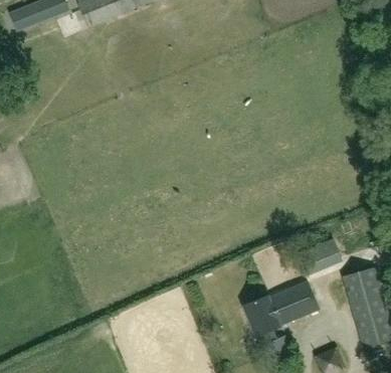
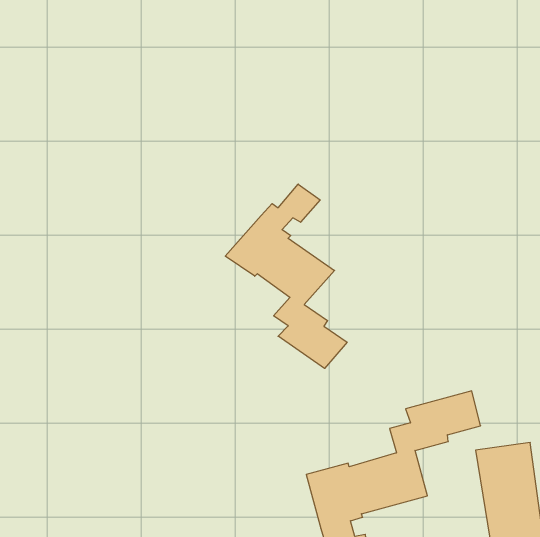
building: none -> [225,184,347,368]

